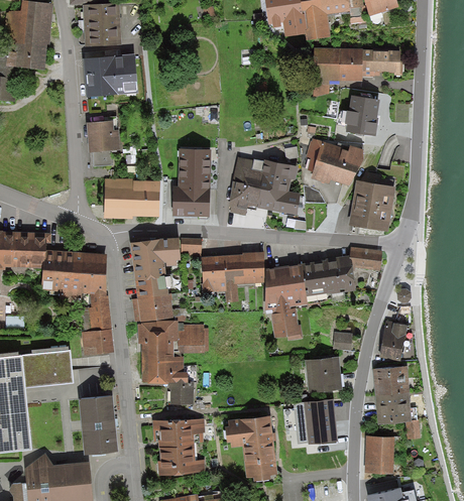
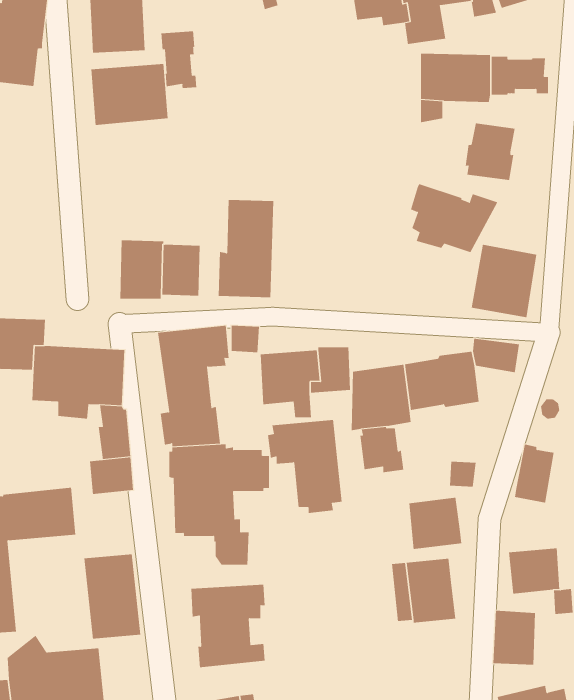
building: none -> [161,30,197,89]
building: [86,120,119,152] -> none
building: [228,156,294,215] -> none
building: [372,366,410,395] -> none
building: [224,416,276,482] -> [267,419,342,513]

